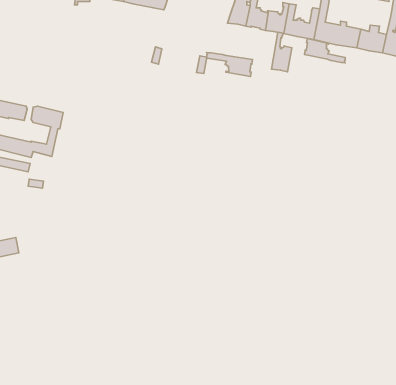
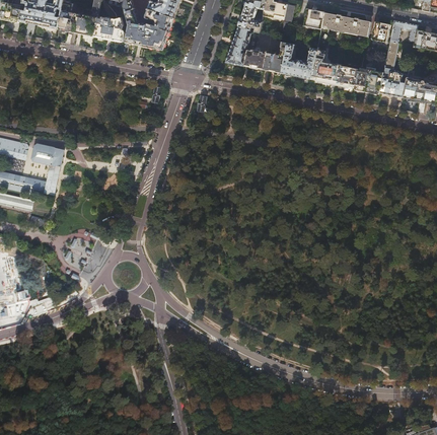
building: [271,32,292,72] -> none
building: [304,38,345,63] -> none
building: [207,52,253,77] -> none

